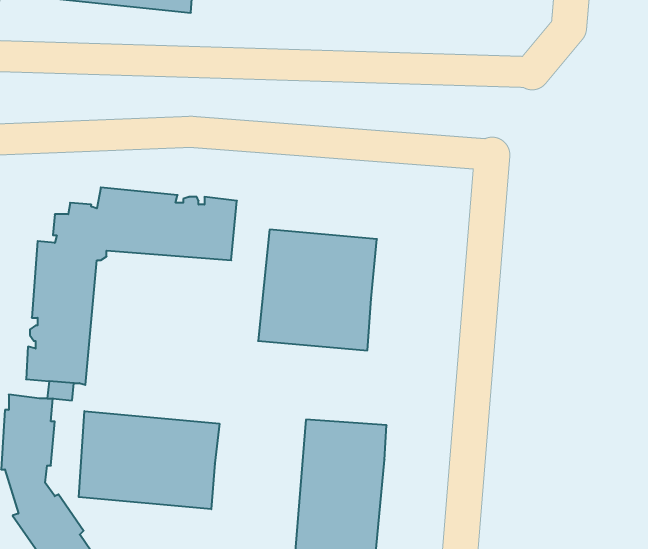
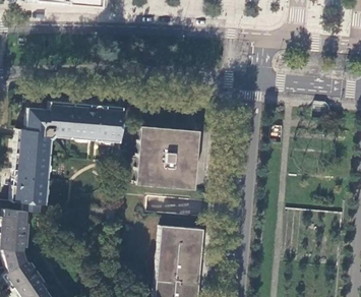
building: [79,411,219,509] -> none

